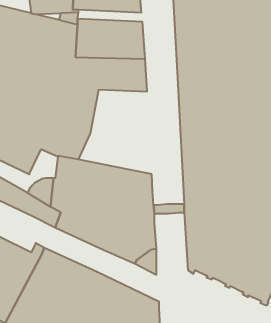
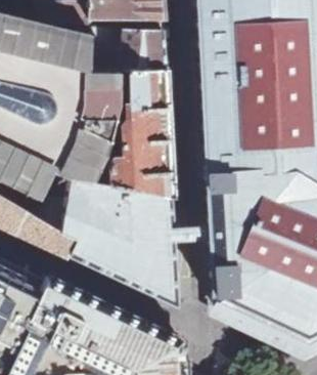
building: none -> [92,106,173,199]

